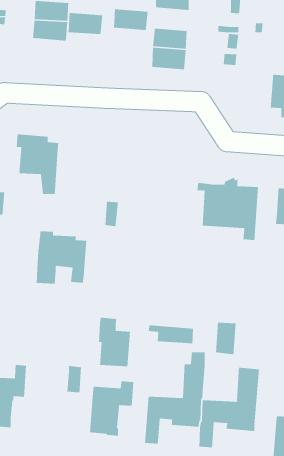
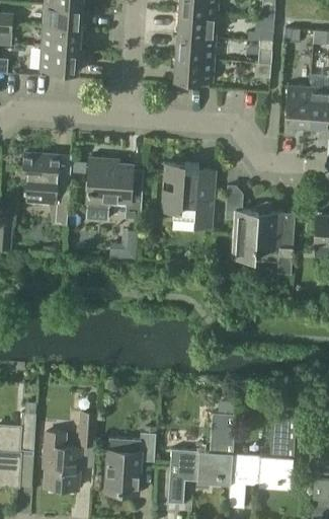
building: [113,8,148,31] -> [177,13,217,39]
building: [68,12,103,35] -> [39,48,79,73]
building: none -> [283,86,310,135]
building: none -> [161,164,216,227]
building: [36,230,87,284] -> [86,159,144,220]
building: [98,317,131,367] -> [44,433,80,490]
building: [215,322,236,355] -> none
building: [148,325,194,344] -> none

